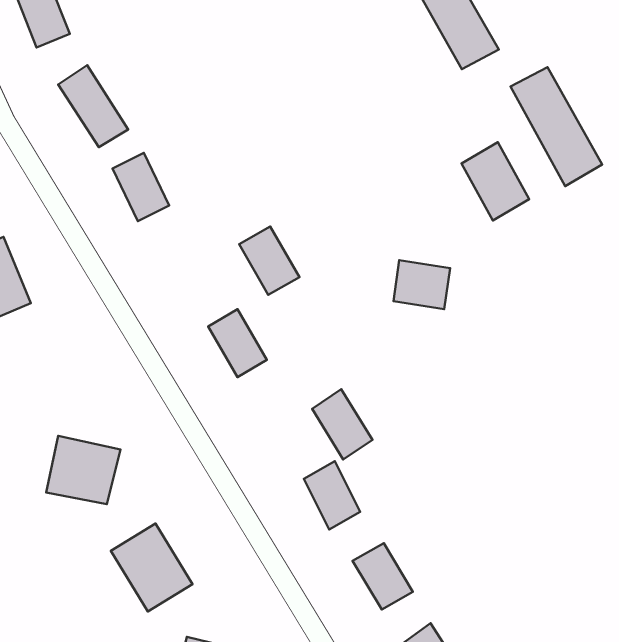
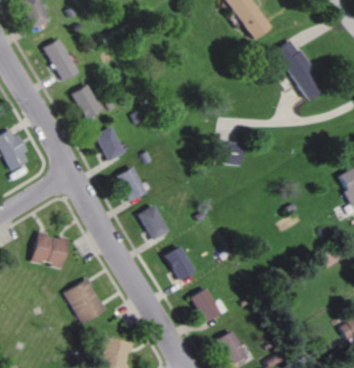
building: [461,142,529,220] -> none
building: [239,226,299,295] -> [93,126,124,162]
building: [312,389,373,459] -> [141,204,172,241]

